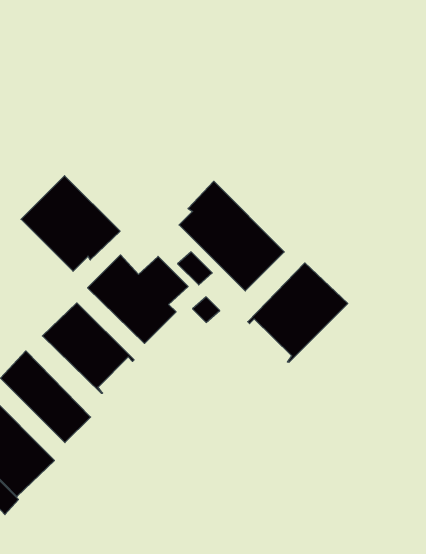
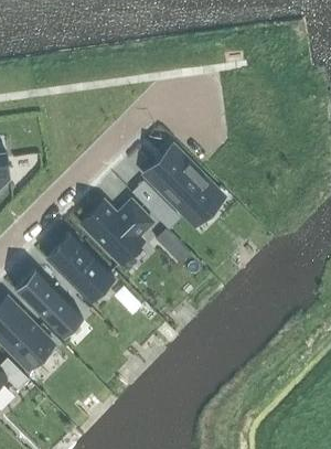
building: [21,176,120,271] -> none
building: [248,263,348,362] -> none

